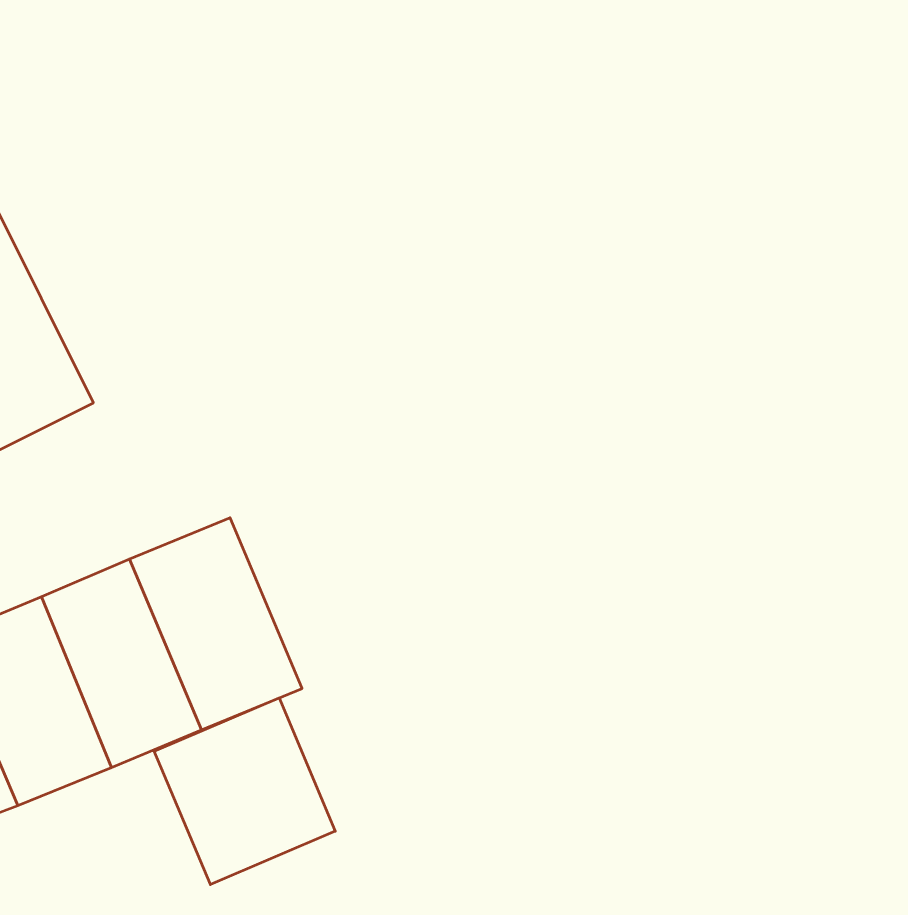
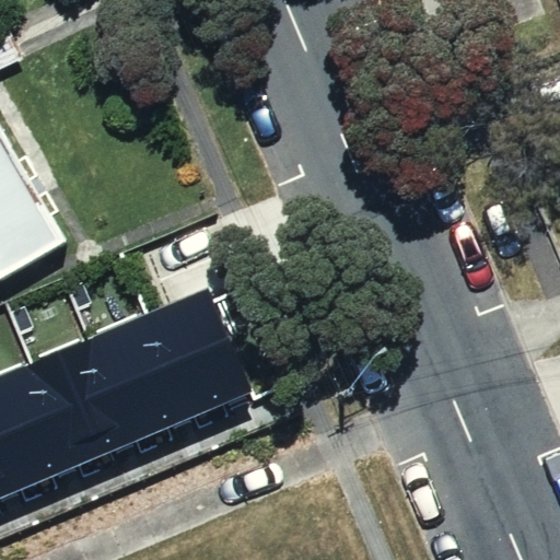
building: none -> [140,291,246,421]
building: [154,698,335,885] -> none

